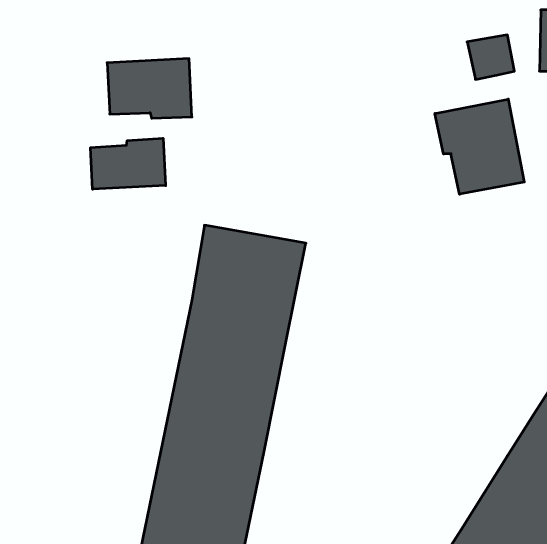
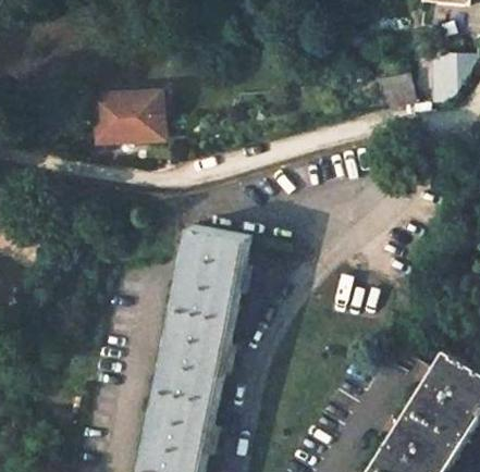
building: [435,99,524,194] -> none
building: [91,138,166,189] -> none

